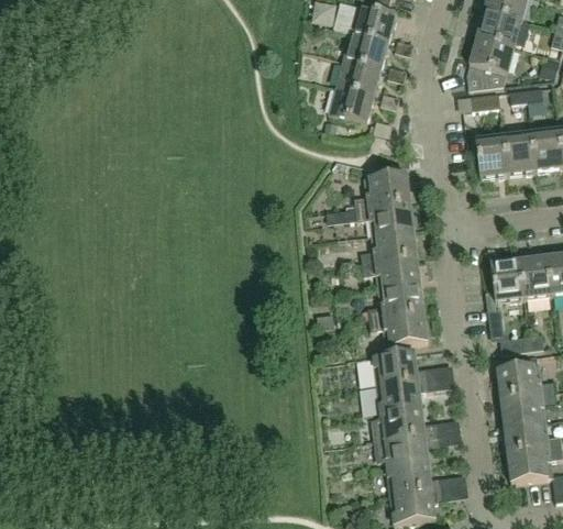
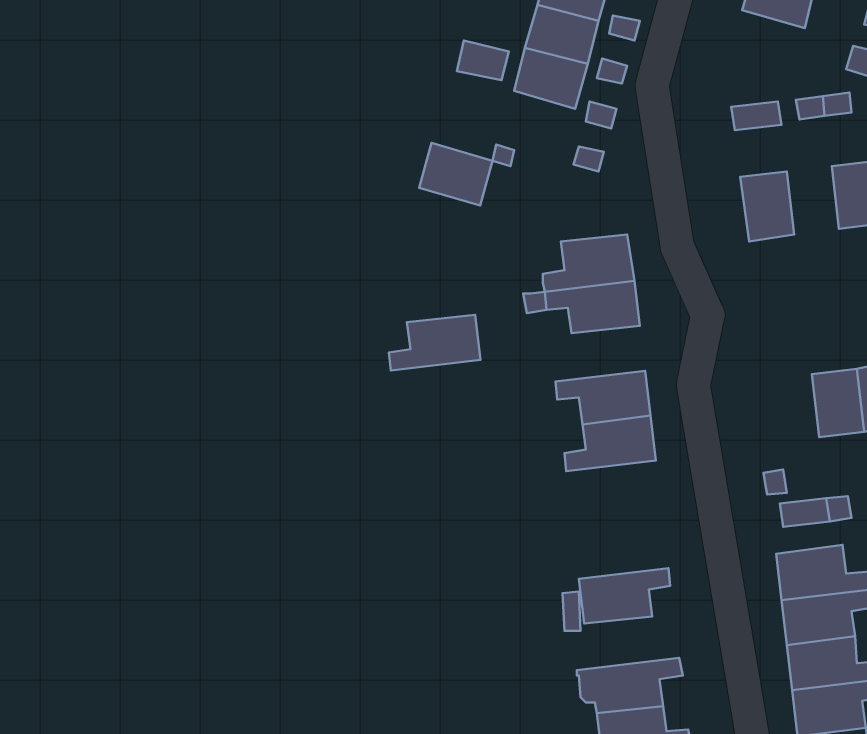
building: [468,36,515,89] -> none
building: [329,86,374,124] -> [419,143,493,206]
building: [504,132,536,174] -> none
building: [361,230,417,264] -> [389,315,480,371]
building: [490,260,523,301] -> none
building: [368,312,427,346] -> none
building: [373,351,431,385] -> none
building: [373,408,438,441] -> none

